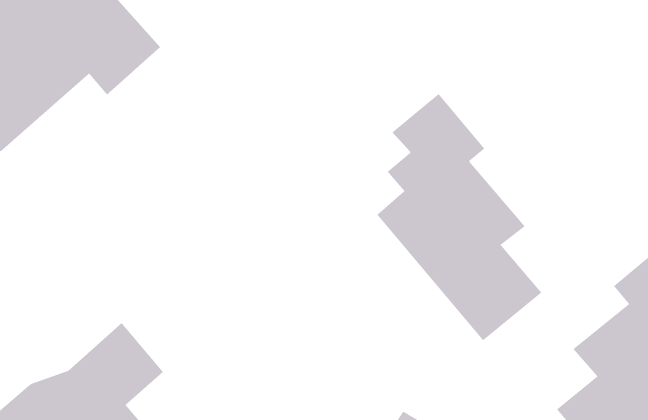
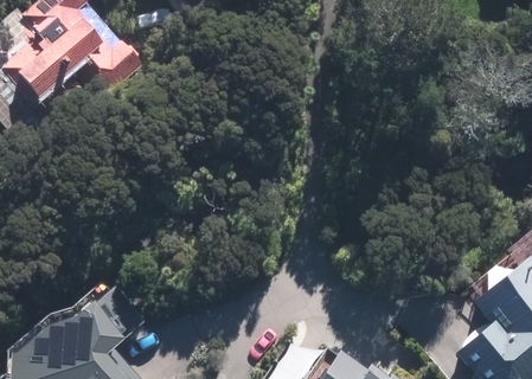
building: [376,93,542,341] -> none

